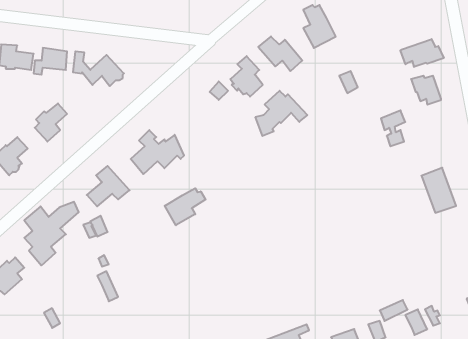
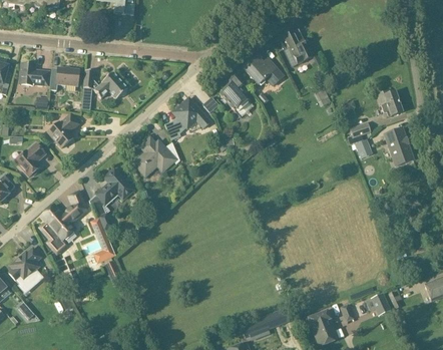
building: [400,39,444,67] -> none
building: [255,91,307,136] -> [164,100,209,139]
building: [421,168,456,213] -> [383,126,413,165]
building: [165,188,206,225] -> none

